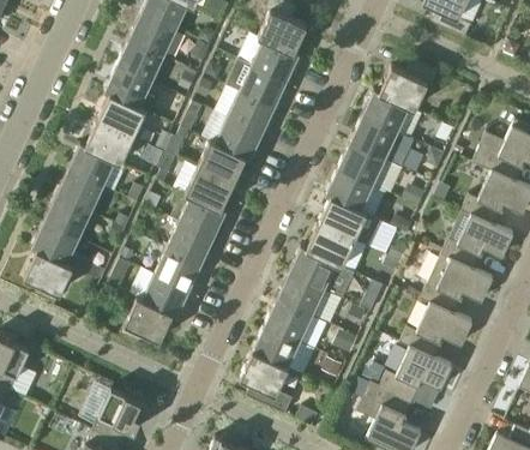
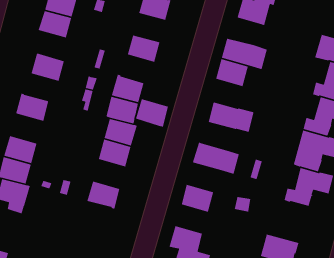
building: [104,66,156,113] -> none
building: [240,66,287,108] -> none
building: [362,90,410,133] -> none
building: [216,118,263,161] -> [135,98,169,127]
building: [85,121,133,164] -> none
building: [325,169,373,212] -> none
building: [56,170,104,214] -> none
building: [307,224,354,266] -> none
building: [155,248,201,292] -> none
building: [277,274,325,317] -> none
building: [121,298,173,343] -> none
building: [253,326,300,368] -> none
building: [371,347,452,402] -> none

